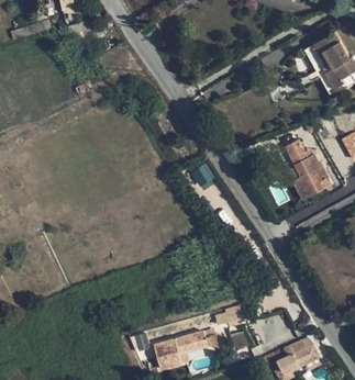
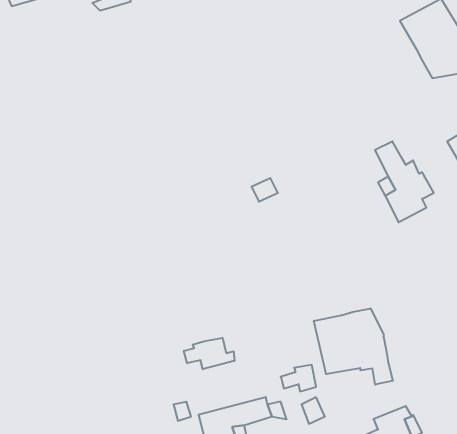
building: none -> [314,308,393,385]
building: none -> [184,338,234,369]

